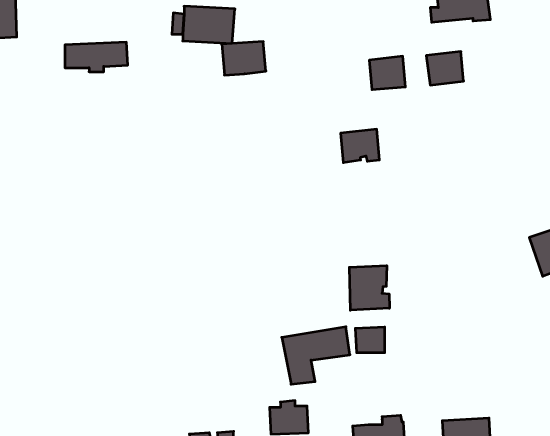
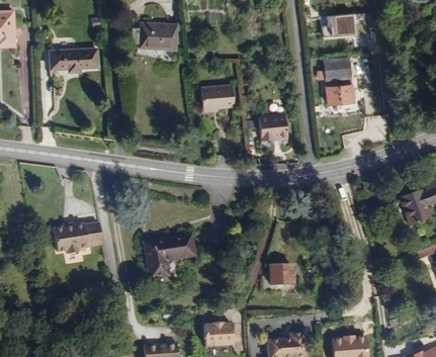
building: [222,42,266,75] -> [200,86,234,111]
building: [369,56,405,90] -> [326,80,353,105]
building: [349,266,389,310] -> none
building: none -> [60,219,108,252]
building: [282,327,350,384] -> [149,230,200,273]

